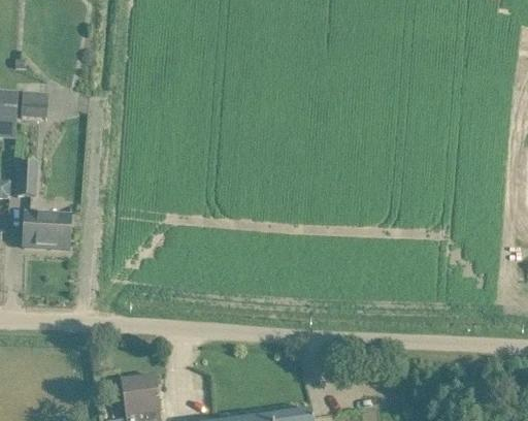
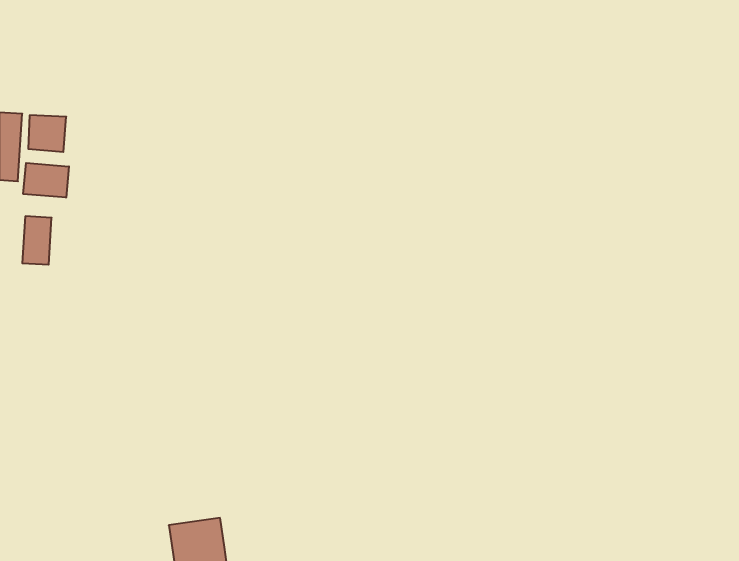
building: none -> [23,163,69,198]
building: [23,212,70,248] -> none

